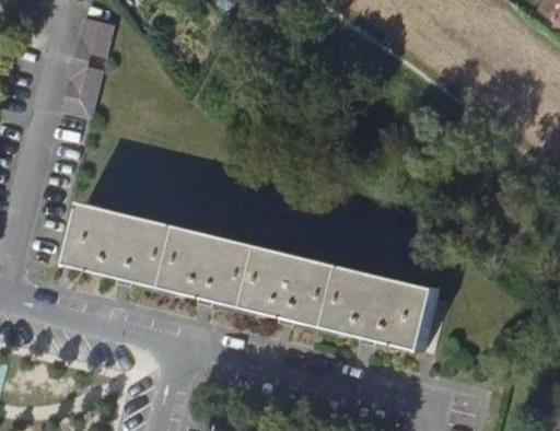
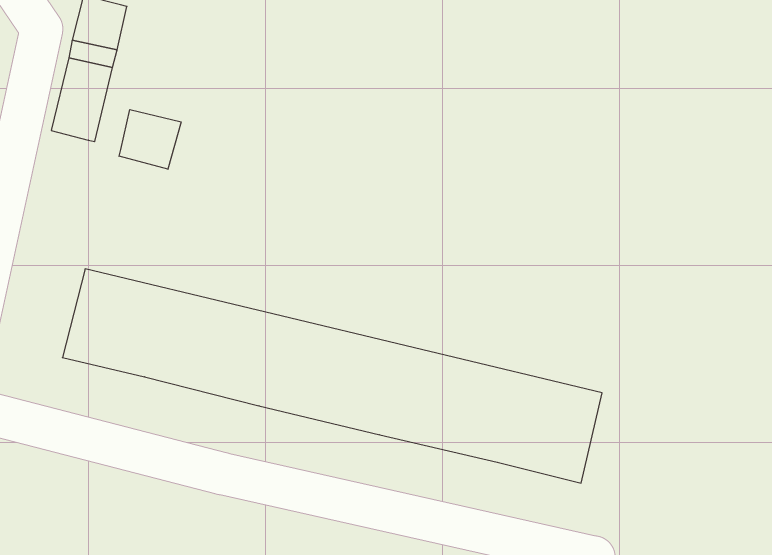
building: none -> [119,110,181,169]

